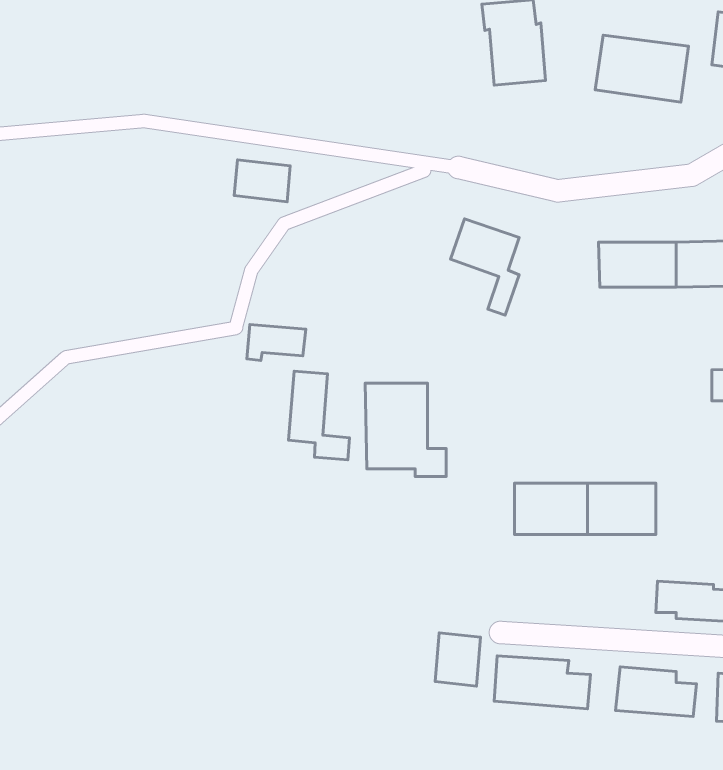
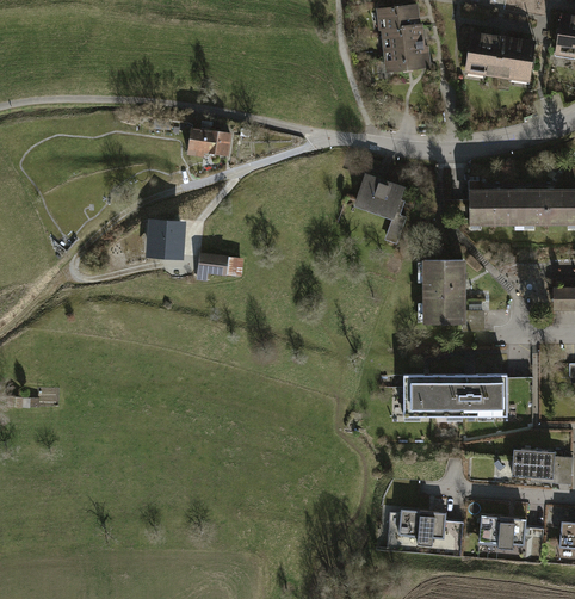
building: none -> [152,218,187,254]
building: [288,371,349,460] -> none
building: [365,383,446,477] -> [421,259,483,331]
building: [435,633,481,686] -> none

